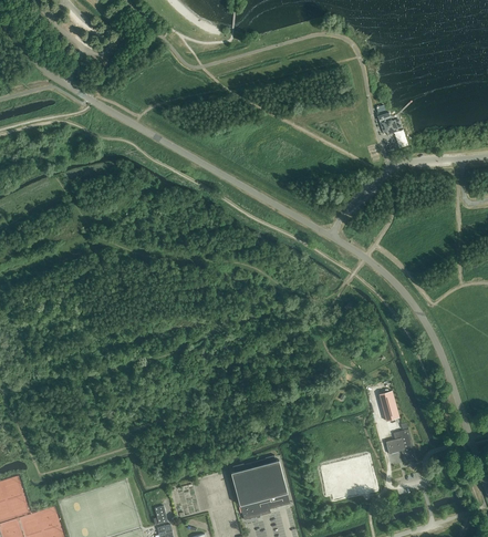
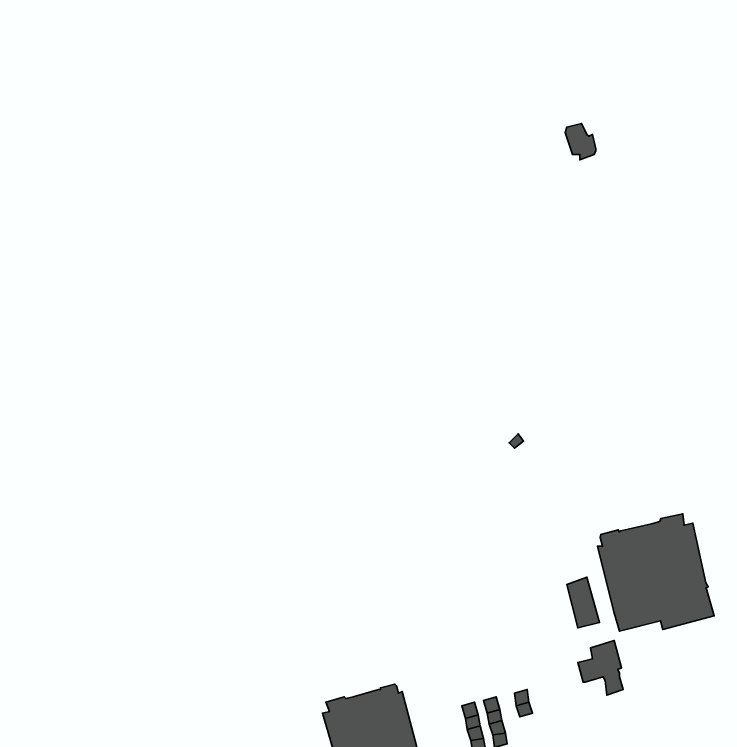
building: none -> [598,514,714,631]

